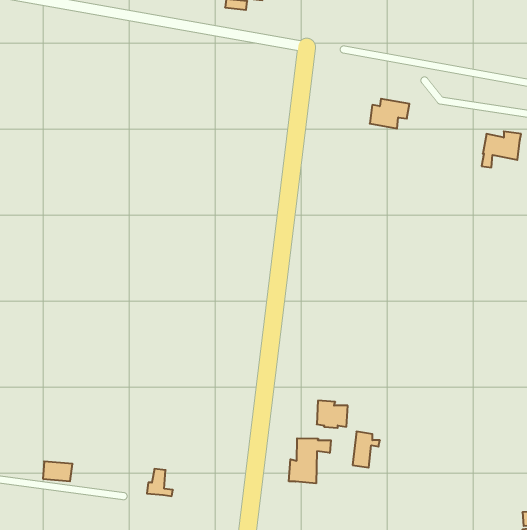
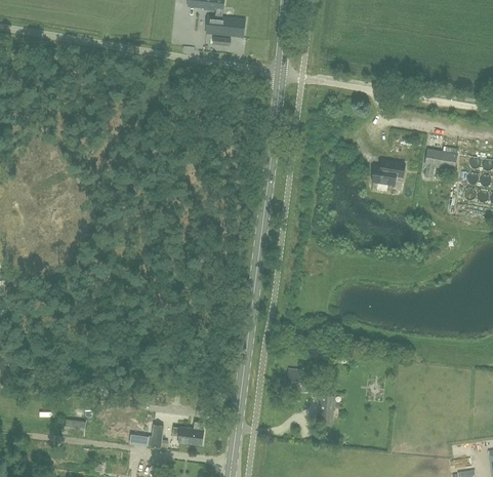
building: [370,99,409,129] -> [371,160,404,185]
building: [289,438,331,483] -> none
building: none -> [172,422,203,444]

